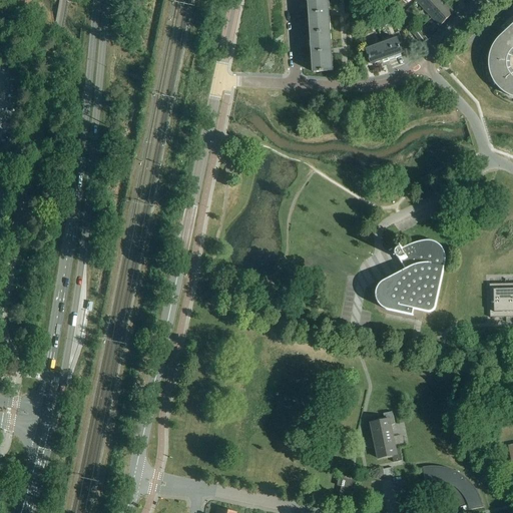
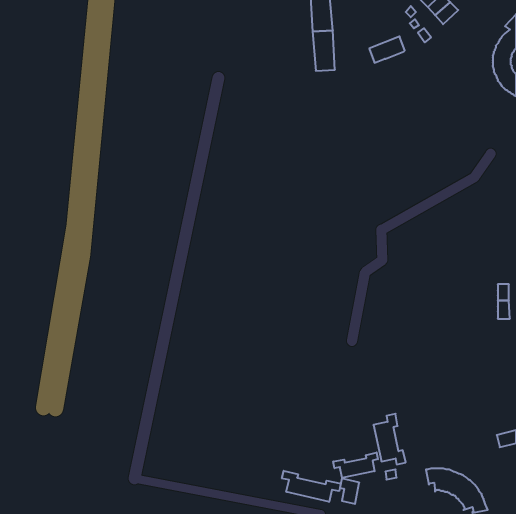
building: [376,237,445,314] -> none
building: none -> [333,452,378,478]
building: none -> [282,471,341,502]

